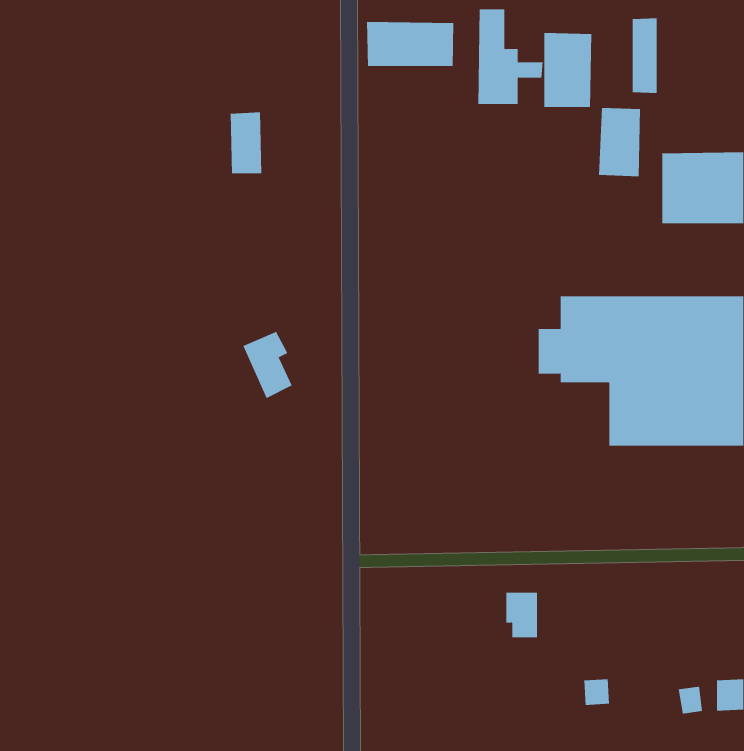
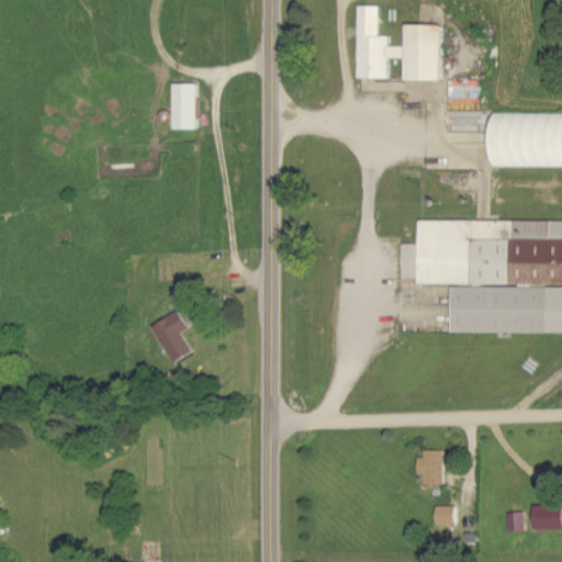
building: [632,18,657,94] -> none
building: [367,21,454,67] -> none
building: [243,331,293,399] -> [153,313,190,363]
building: [505,592,538,638] -> [418,451,442,485]

